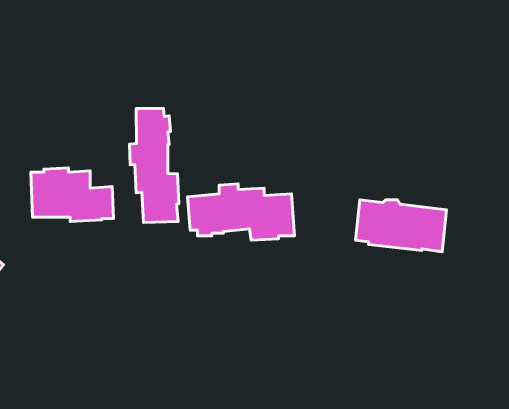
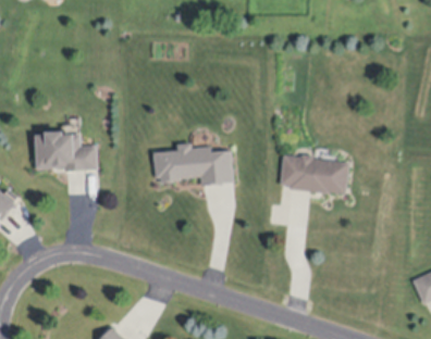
building: [130,108,179,222] -> none

